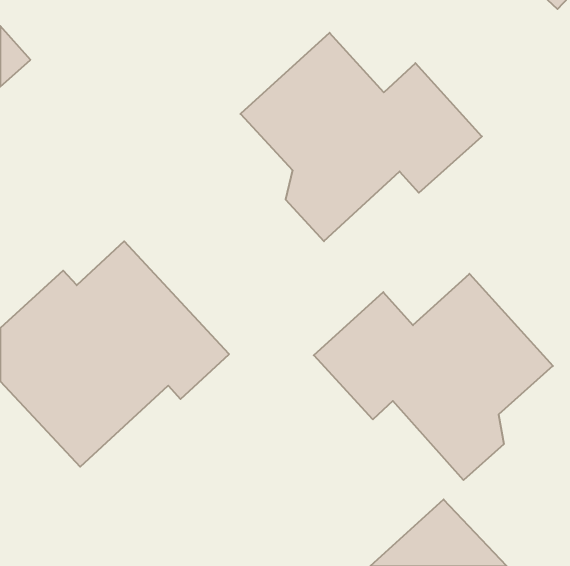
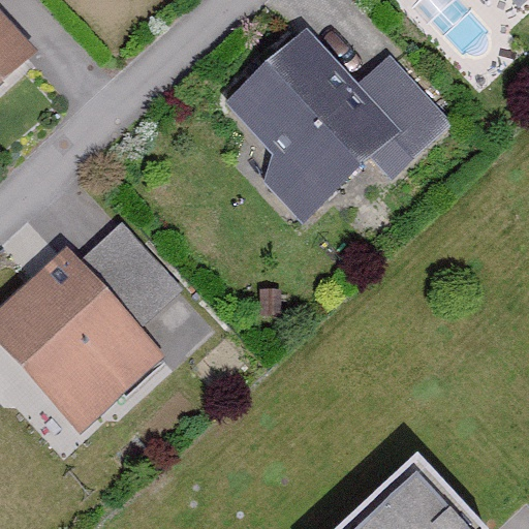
building: [314,274,553,480] -> none

